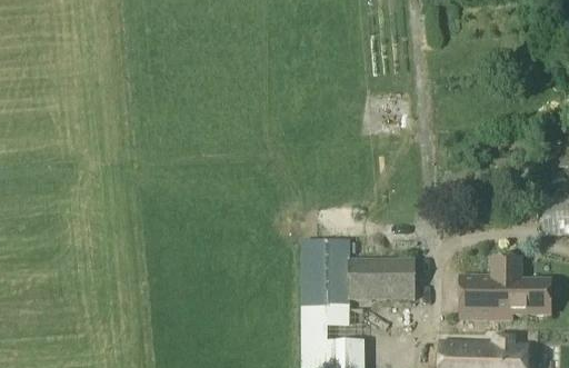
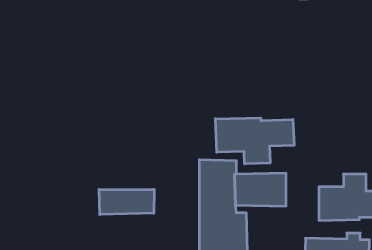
building: none -> [215,118,294,164]
building: none -> [99,189,154,215]

